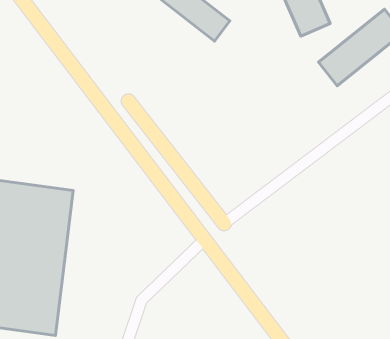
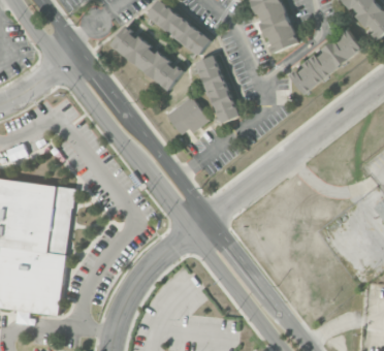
building: none -> [109,26,183,91]
building: none -> [193,55,237,123]
building: none -> [164,96,207,134]

